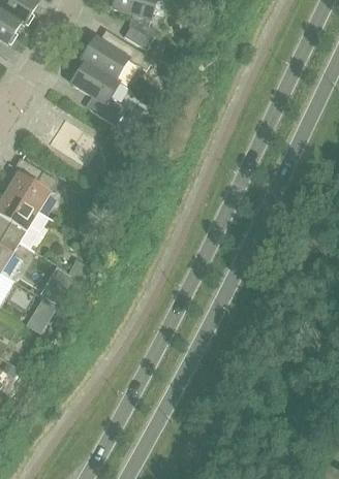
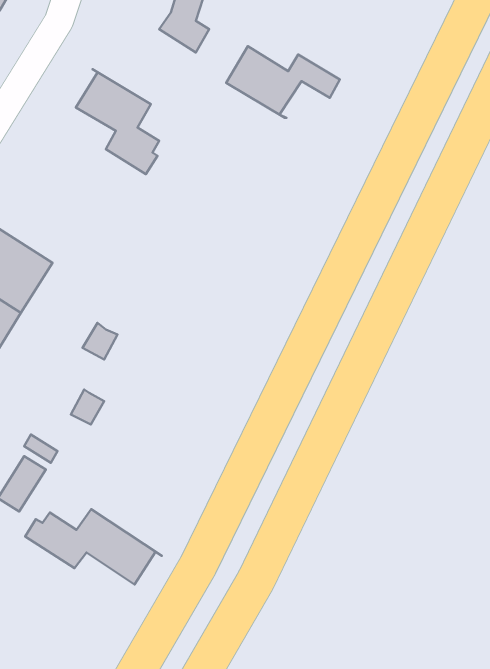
building: [82,37,152,82] -> [226,46,340,118]
building: none -> [25,509,162,585]

